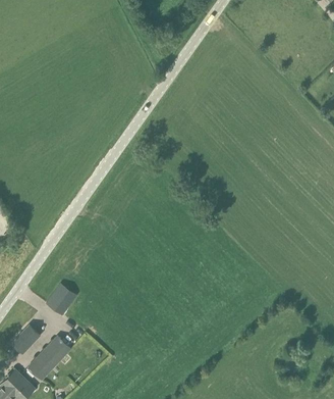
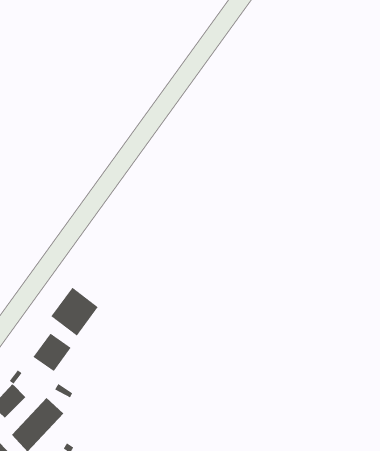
building: none -> [51,287,99,337]

